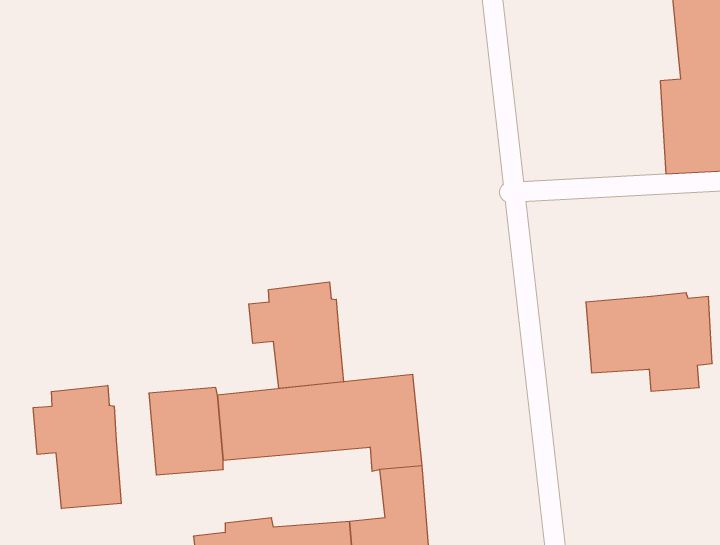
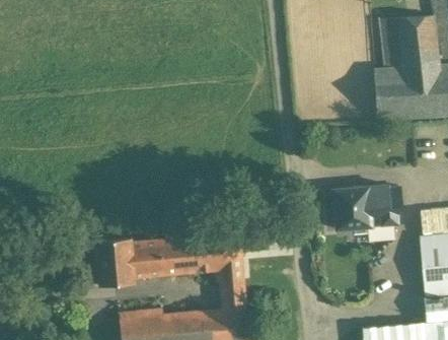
building: [249,282,344,388] -> none
building: [33,385,121,509] -> none

